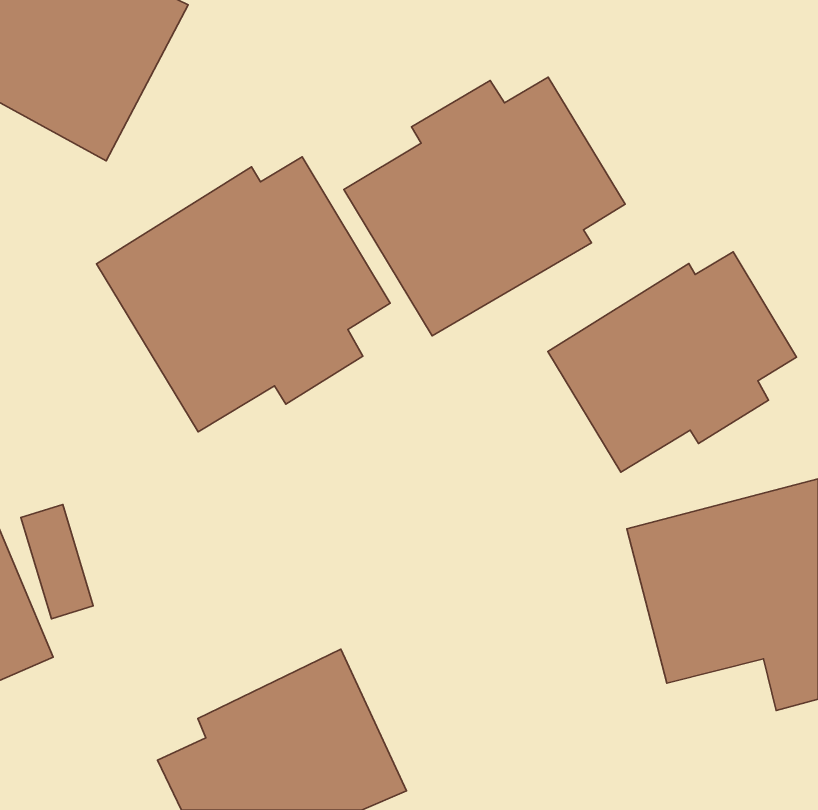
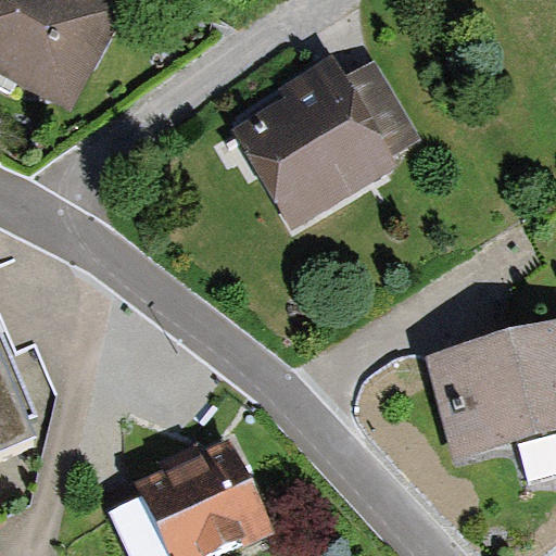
building: [96,157,390,432] -> none
building: [548,252,797,472] -> none

